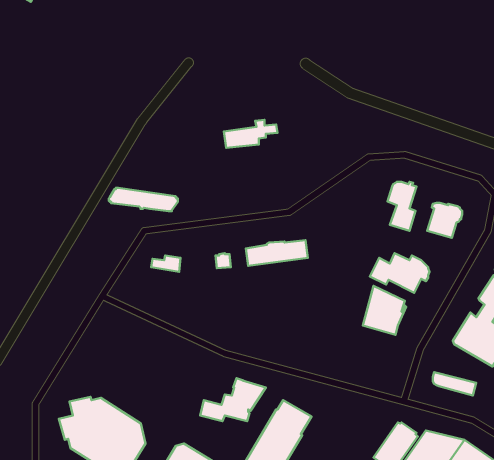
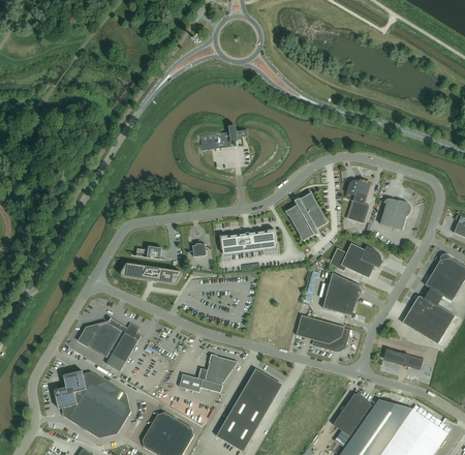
building: [109,188,178,211] -> [120,263,181,283]
building: none -> [285,192,329,241]
building: none -> [296,314,346,348]
building: none -> [79,317,141,371]

